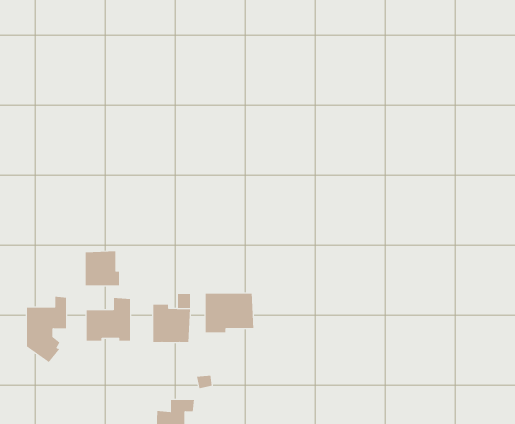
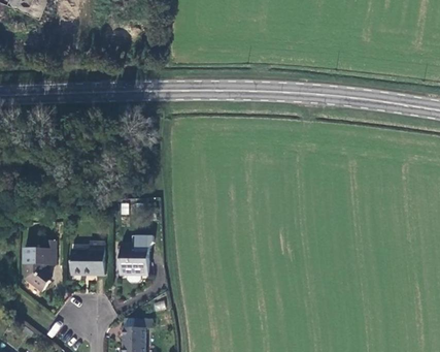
building: [85,251,120,286] -> none
building: [205,293,254,333] -> none

